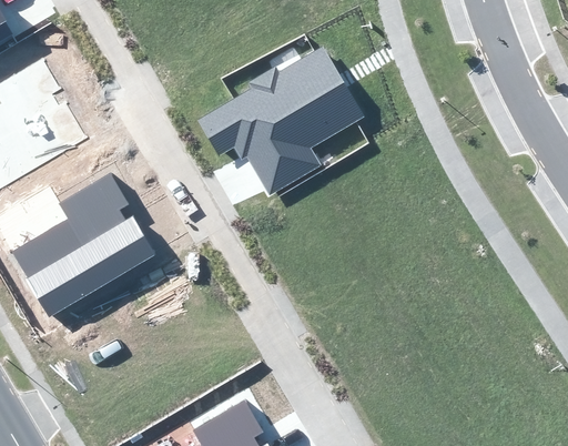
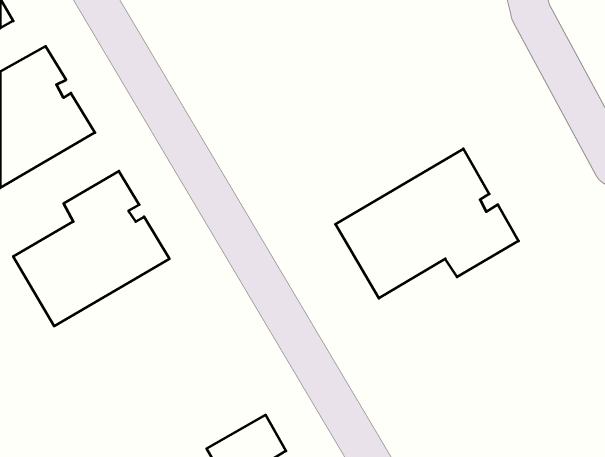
building: [199,45,364,193] -> none
building: none -> [335,149,519,298]

